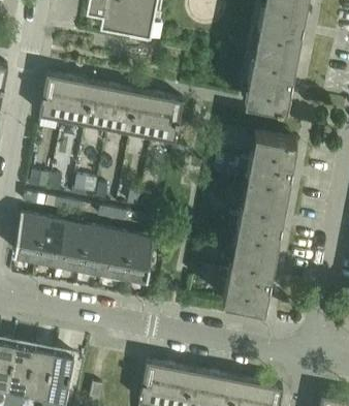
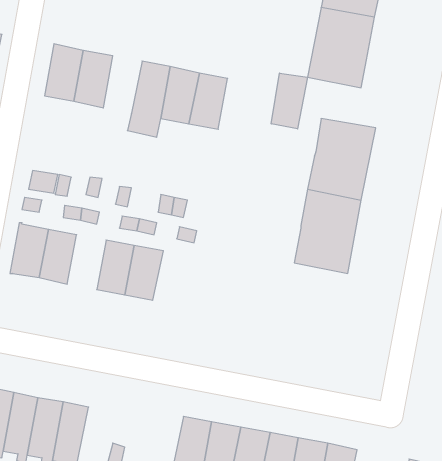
building: [86,84,116,128] -> none
building: none -> [271,73,308,129]
building: [58,222,88,264] -> none
building: [124,235,154,278] -> none
building: [222,244,275,308] -> none

